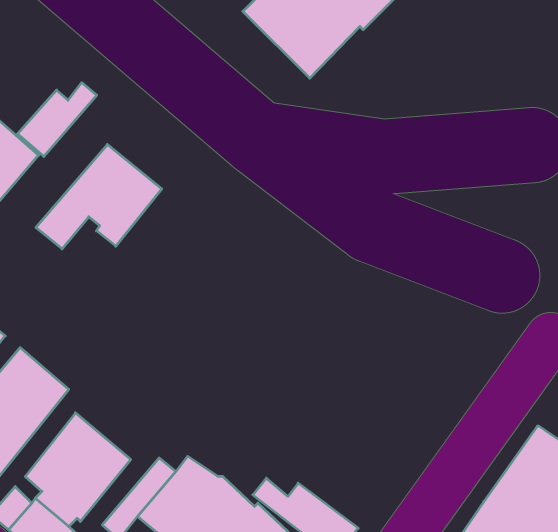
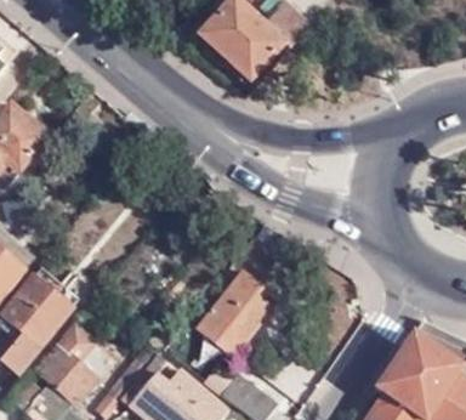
building: [17,83,97,157] -> none
building: [36,144,162,249] -> none
building: none -> [199,272,272,358]

